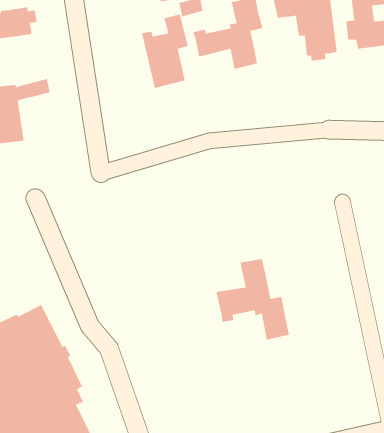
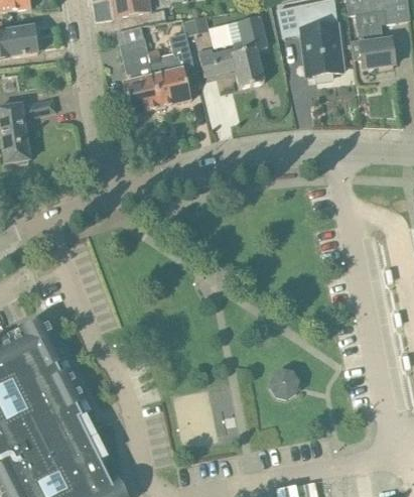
building: none -> [117,25,159,114]
building: [216,258,289,340] -> none
building: none -> [266,365,298,397]

